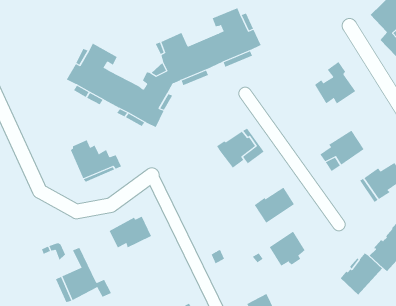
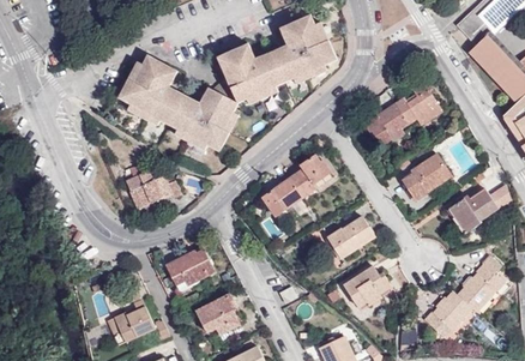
building: none -> [361,103,409,148]
building: none -> [261,172,304,217]
building: none -> [195,294,241,338]

